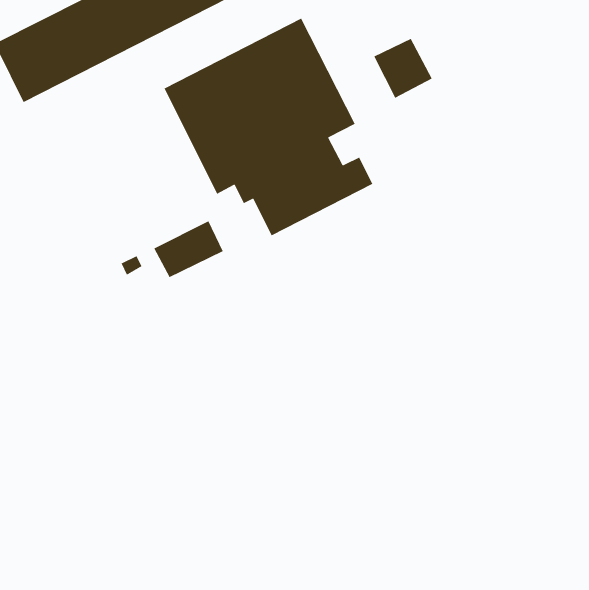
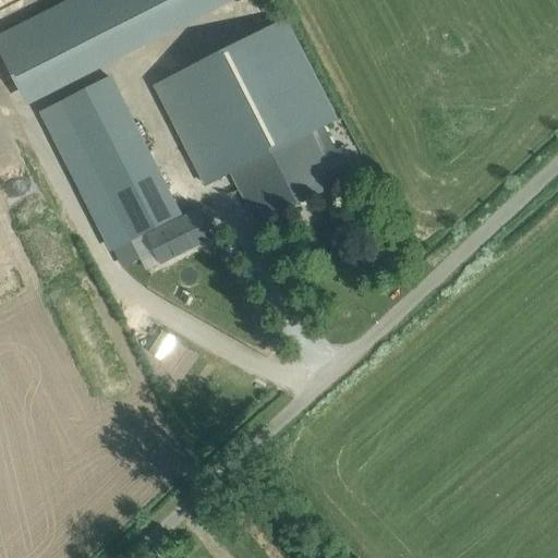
building: [373,38,433,99] -> none
building: none -> [40,75,178,246]

